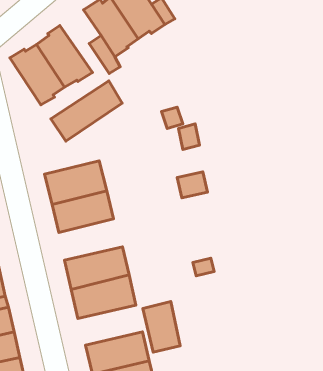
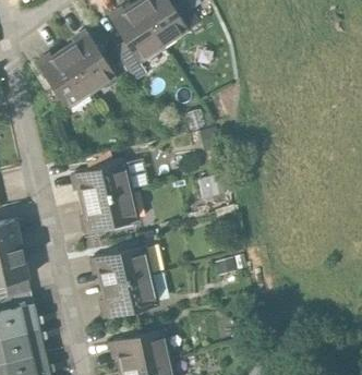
building: [51,81,122,141] -> none
building: [143,302,180,352] -> none

